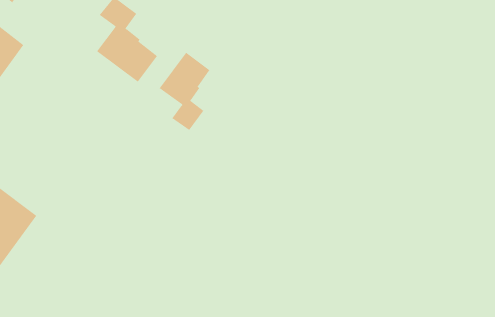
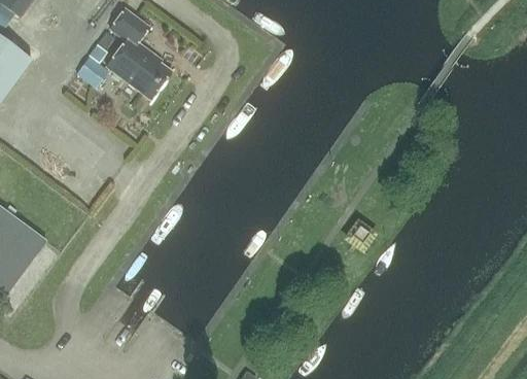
building: none -> [76,43,109,87]
building: [159,52,210,131] -> none

